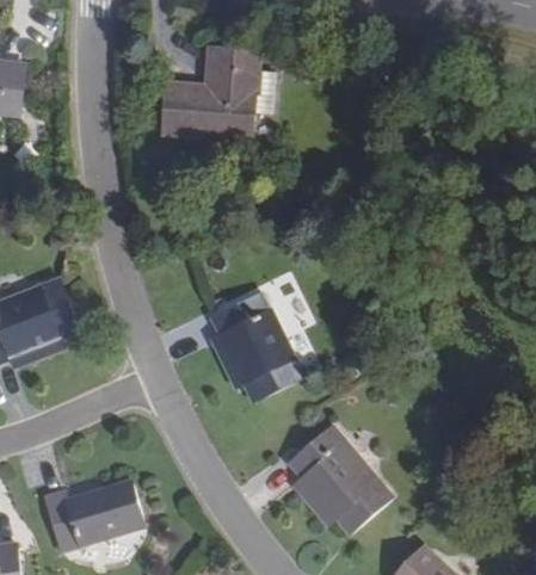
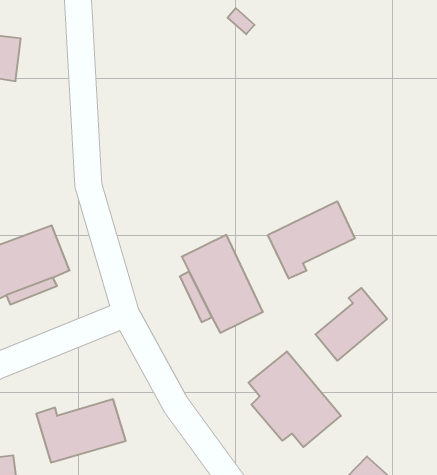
building: [164,47,258,138] -> none
building: none -> [268,201,355,279]
building: none -> [315,288,387,361]

